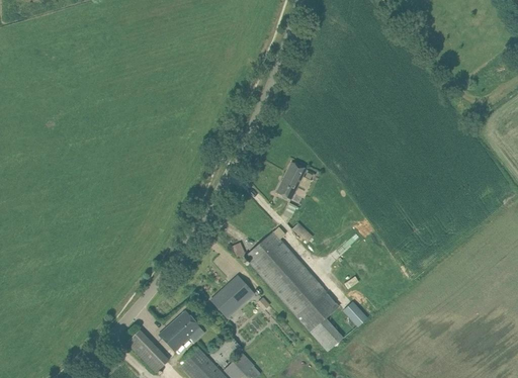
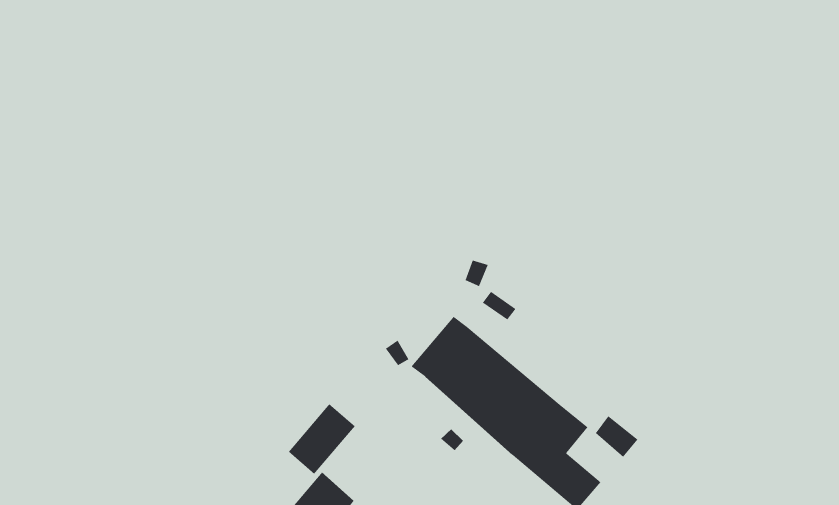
building: [277,163,308,200] -> none
building: [211,276,252,315] -> [288,403,356,475]

